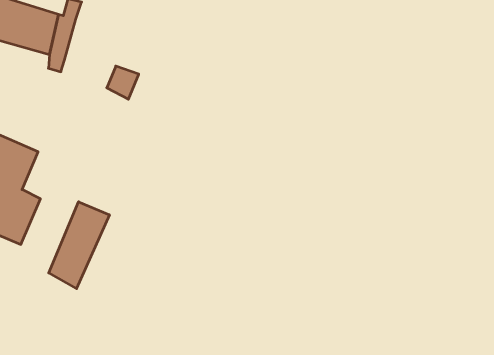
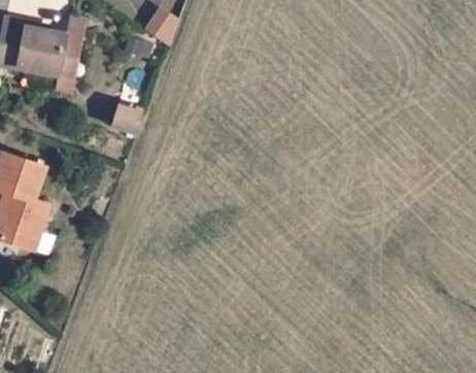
building: [49,202,109,289] -> none

